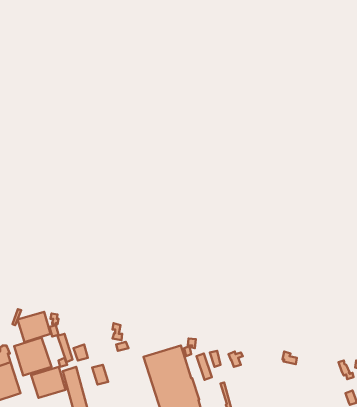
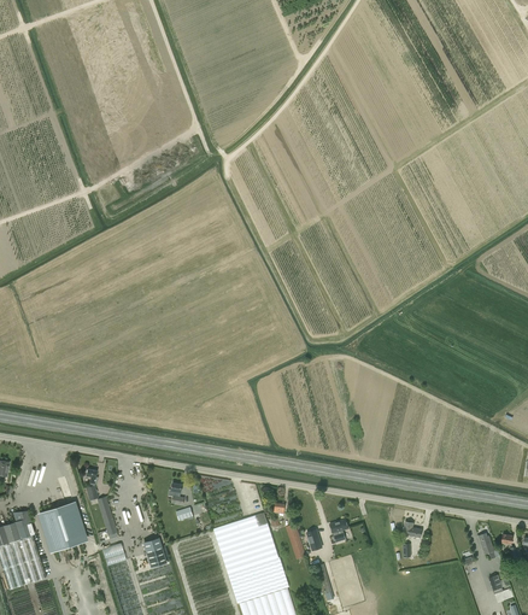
building: [18,312,51,342] -> none
building: [31,367,65,398] -> none

